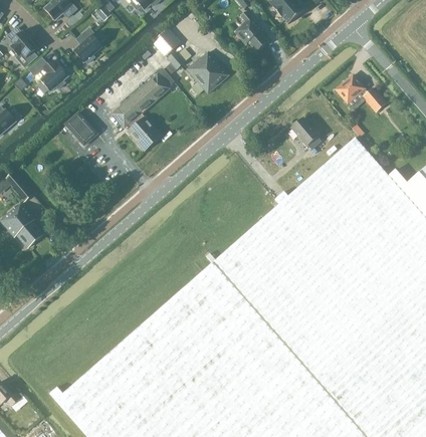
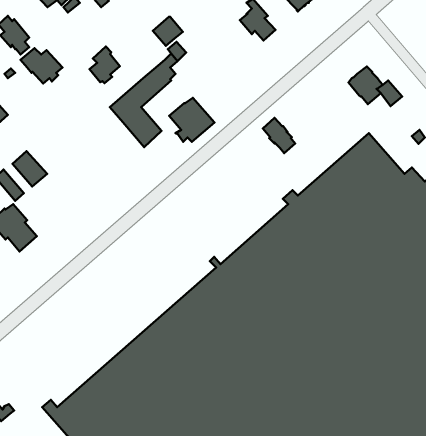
building: [73,29,101,63] -> [90,47,120,83]
building: [187,52,229,93] -> [169,98,214,142]
building: [65,115,97,148] -> [13,151,47,187]
building: [291,118,322,151] -> [263,118,295,153]

